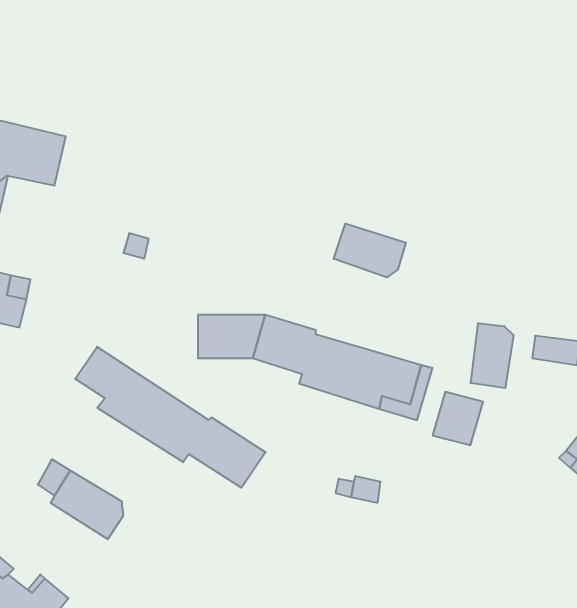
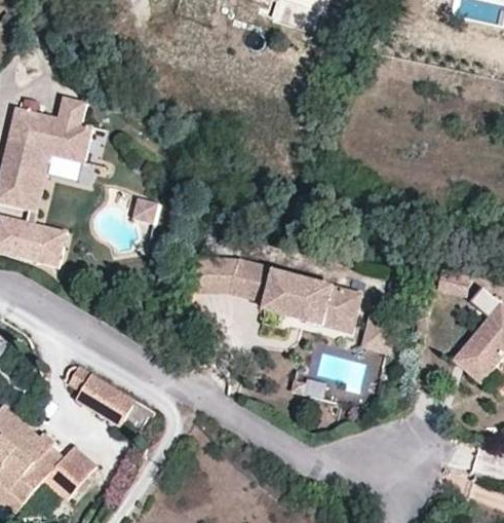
building: [334,224,406,277] -> none
building: [471,323,514,388] -> none
building: [75,347,266,488] -> none

